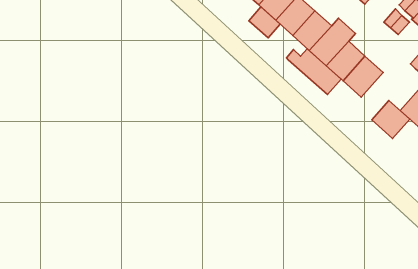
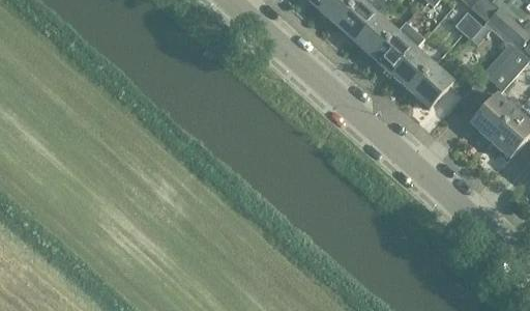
building: [249,7,280,38] -> none
building: [286,49,341,95] -> none
building: [372,101,410,138] -> none

